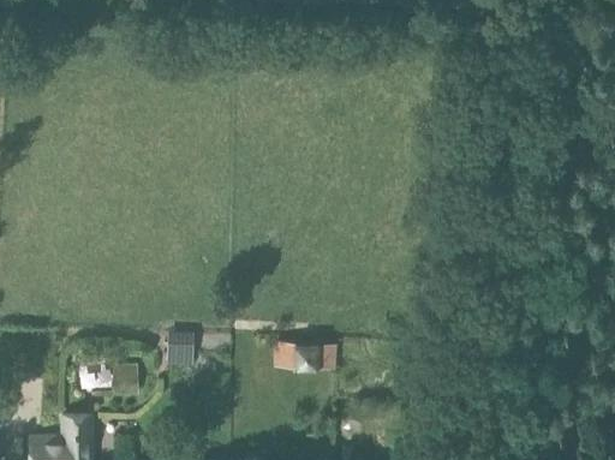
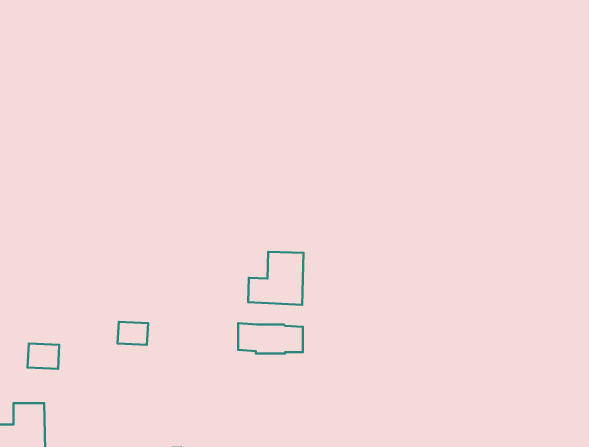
building: none -> [248,252,303,305]
building: [114,364,138,395] -> none

